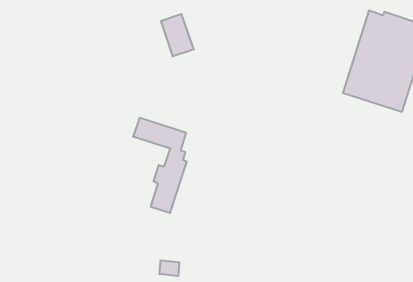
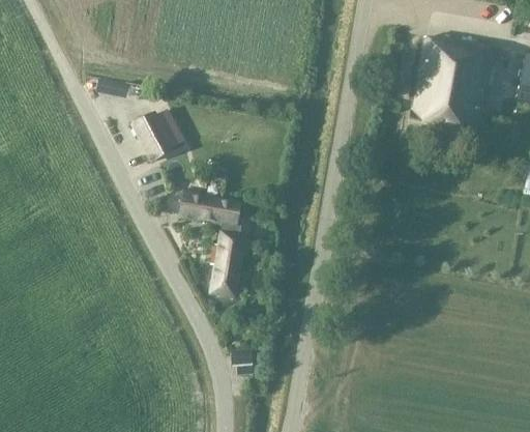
building: [161,14,194,56] -> [135,111,176,160]

